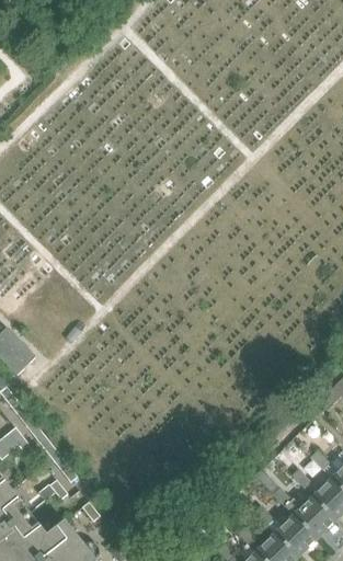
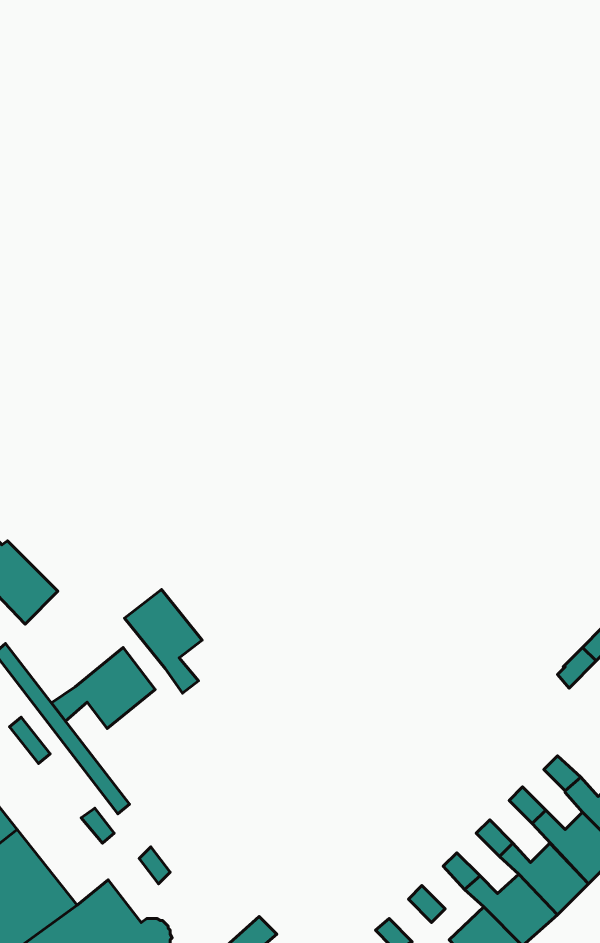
building: none -> [124,590,202,693]
building: none -> [51,648,155,728]

